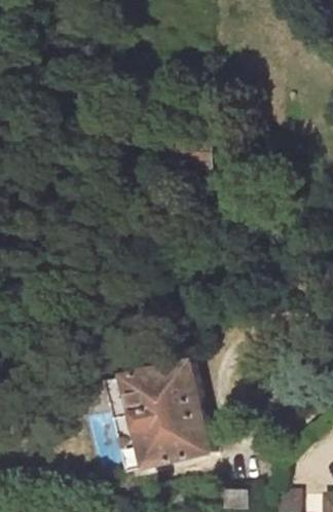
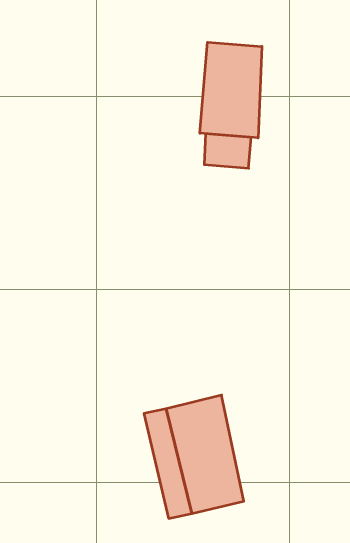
building: none -> [200,42,262,138]

